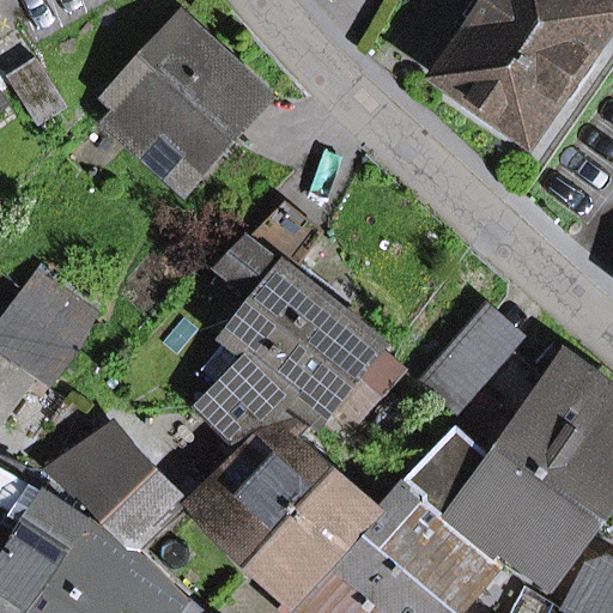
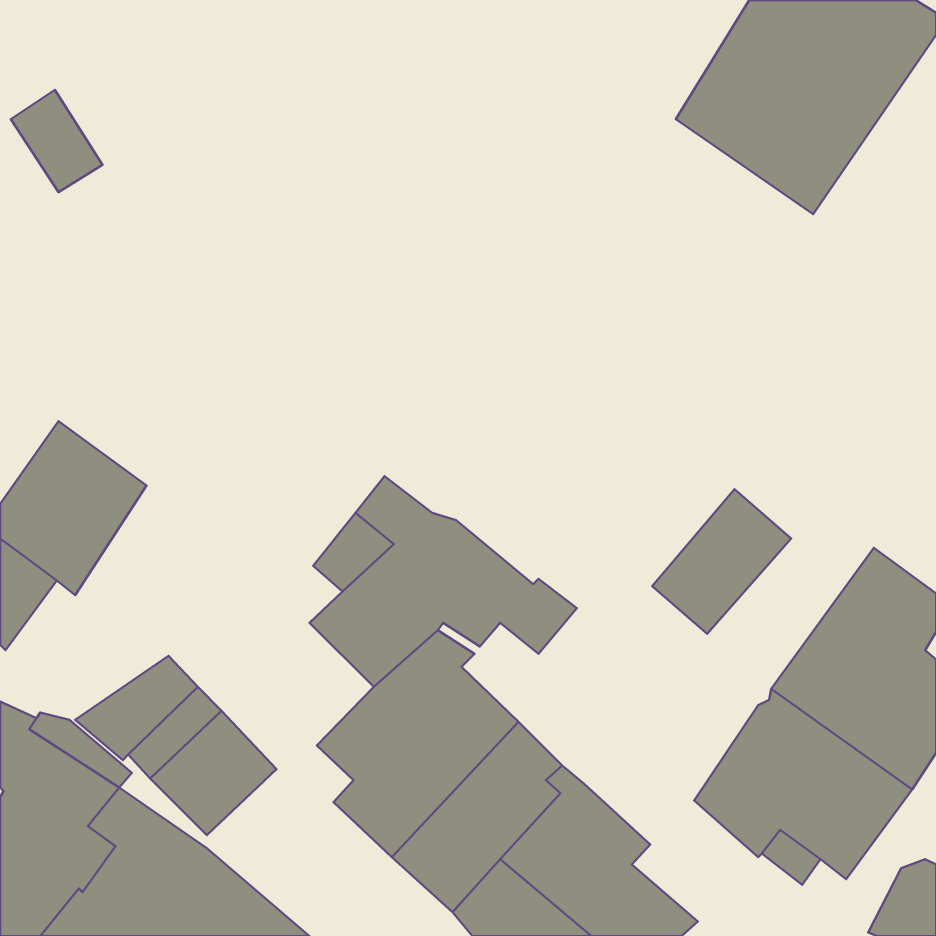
building: [117,25,263,170] -> none
building: [220,208,403,397] -> none
building: [382,426,496,602] -> none

